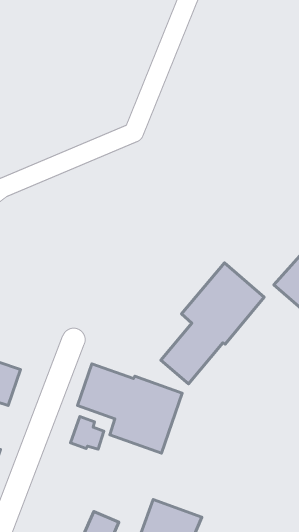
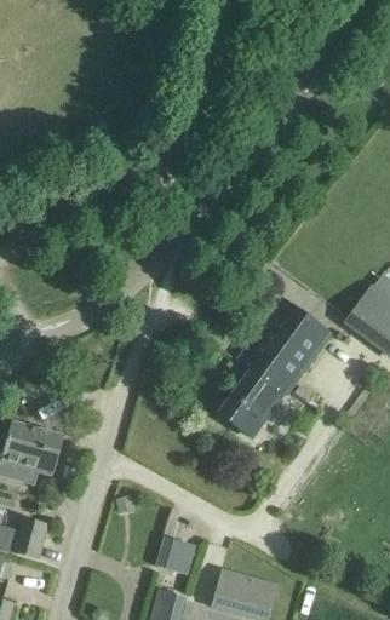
building: [77,364,182,453] -> none
building: [70,416,104,449] -> [157,538,194,573]

